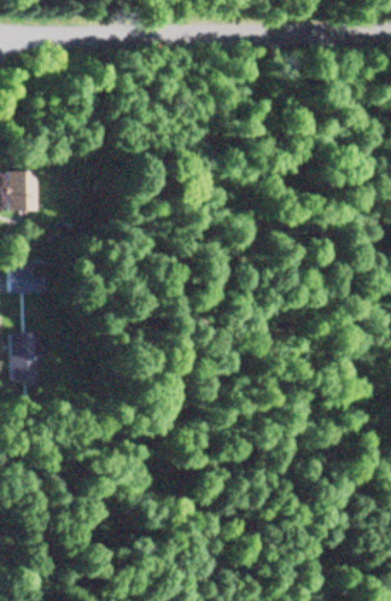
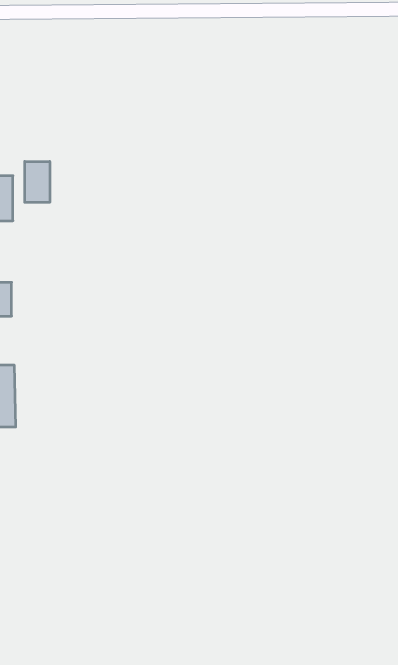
building: none -> [25,161,50,202]

